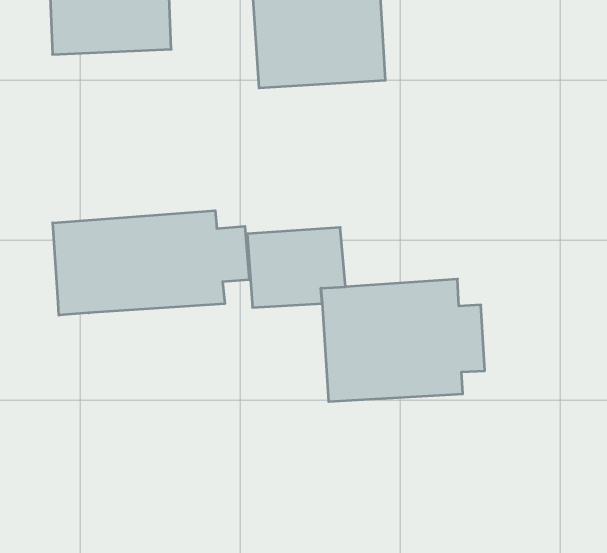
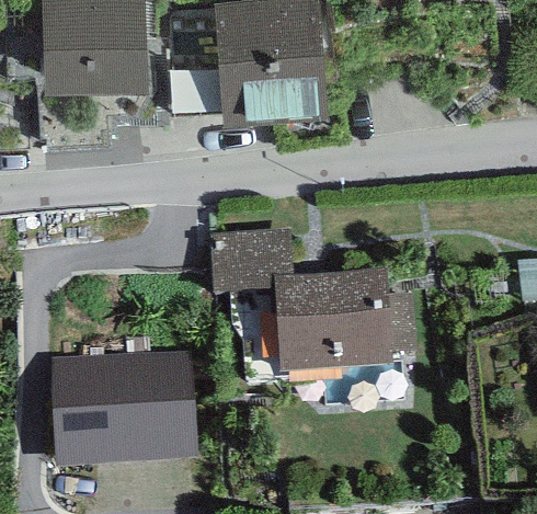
building: [53,211,249,315] -> none
building: none -> [52,353,196,471]

